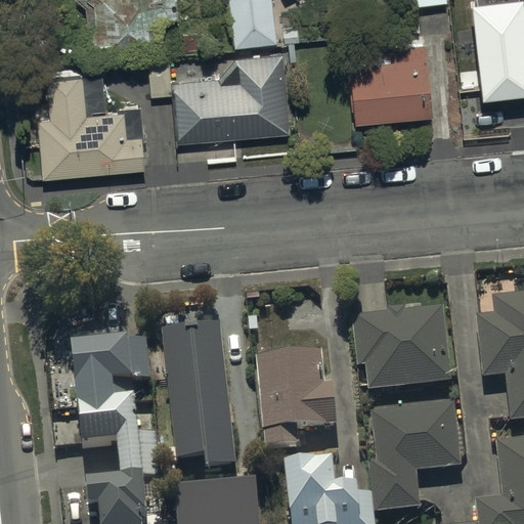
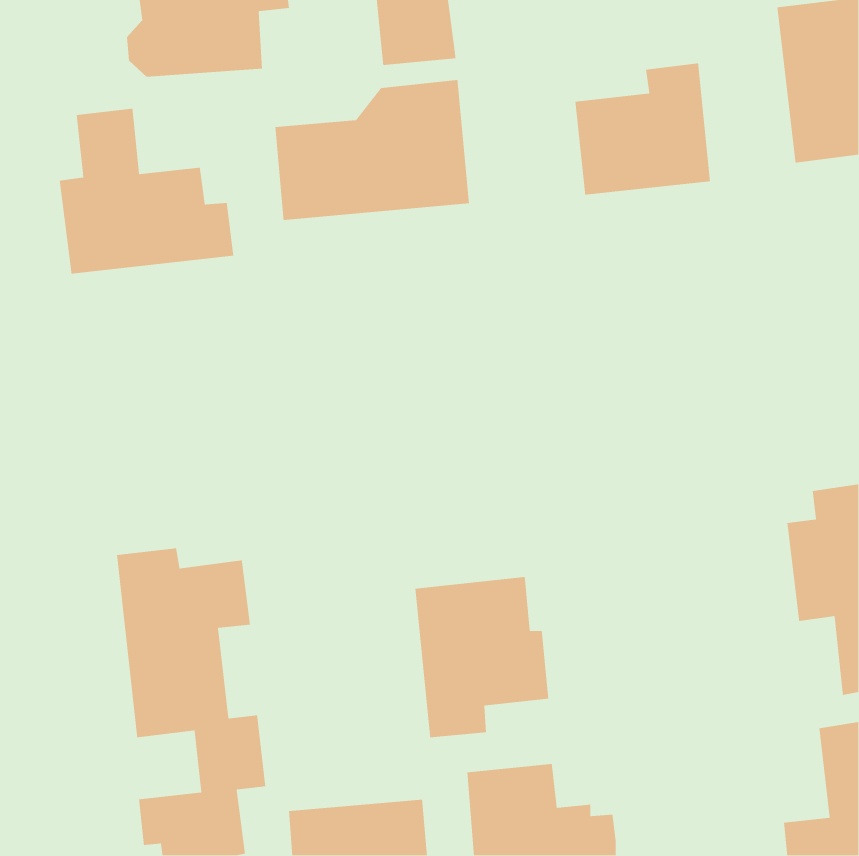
building: [352,307,451,390] -> none
building: [163,323,237,467] -> none
building: [369,403,463,513] -> none

